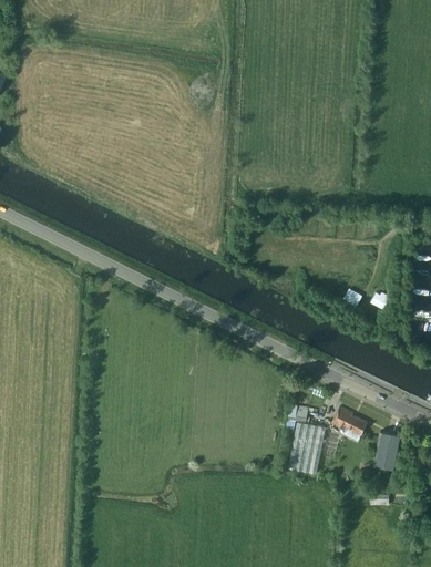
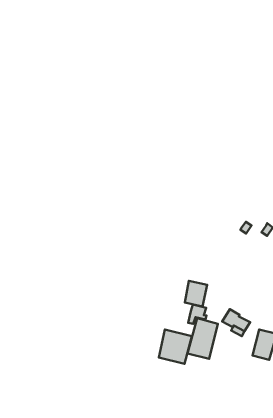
building: none -> [185,281,207,307]
building: none -> [159,330,192,364]

